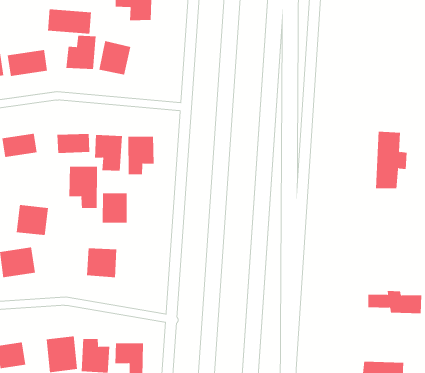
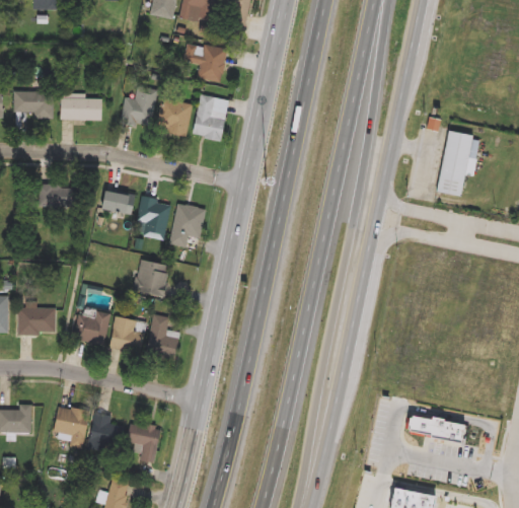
building: [47,9,92,34] -> none
building: none -> [193,94,228,140]
building: [375,131,408,189] -> [436,135,476,200]
building: [69,166,97,209] -> none
building: [16,205,49,236] -> [72,308,112,346]
building: none -> [146,314,180,362]

